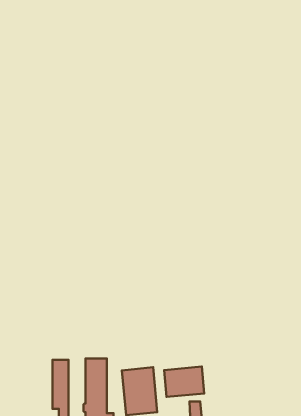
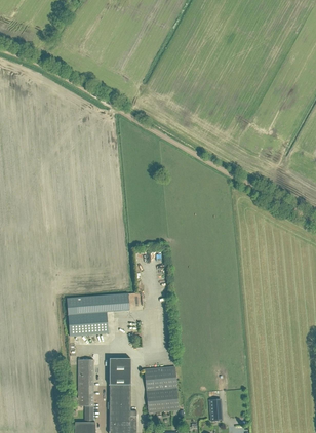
building: none -> [66,293,128,336]
building: [164,367,204,397] -> none

